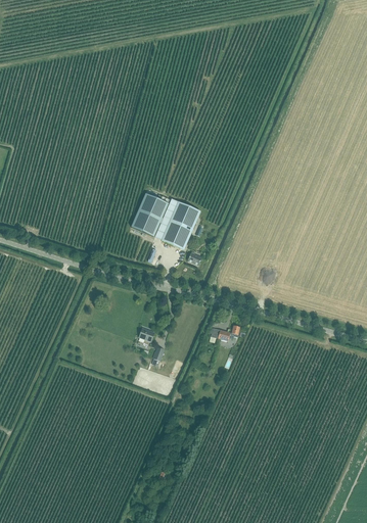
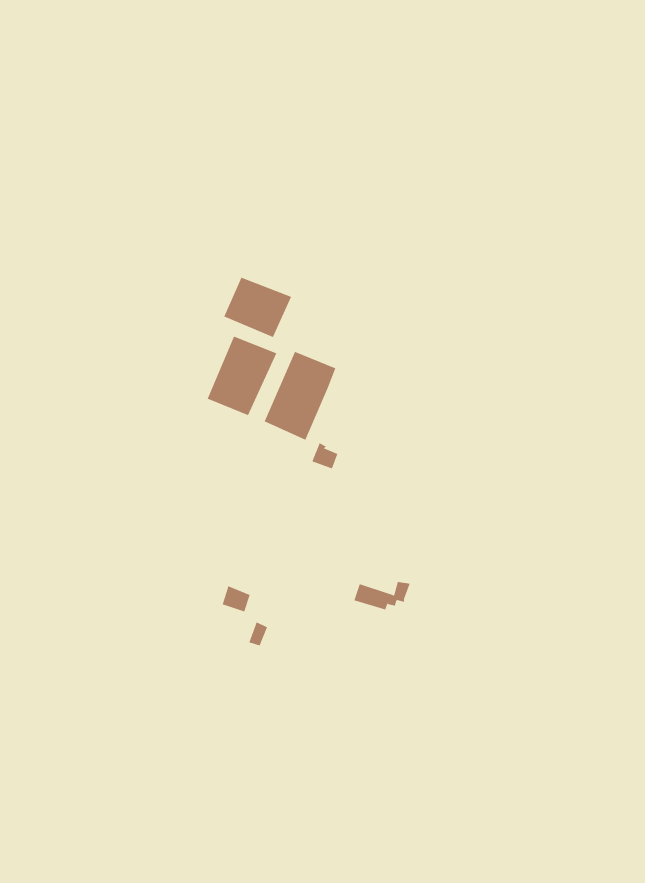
building: none -> [224,277,292,338]

